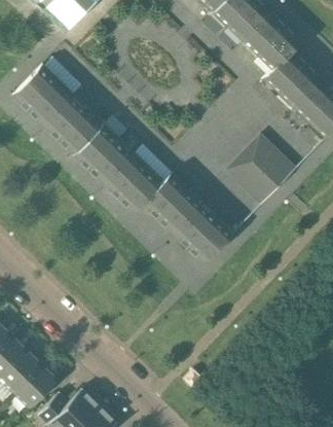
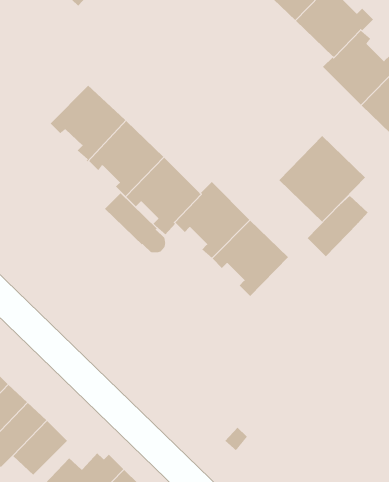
building: [12,63,74,124] -> none
building: none -> [104,193,166,253]
building: none -> [307,195,369,257]

